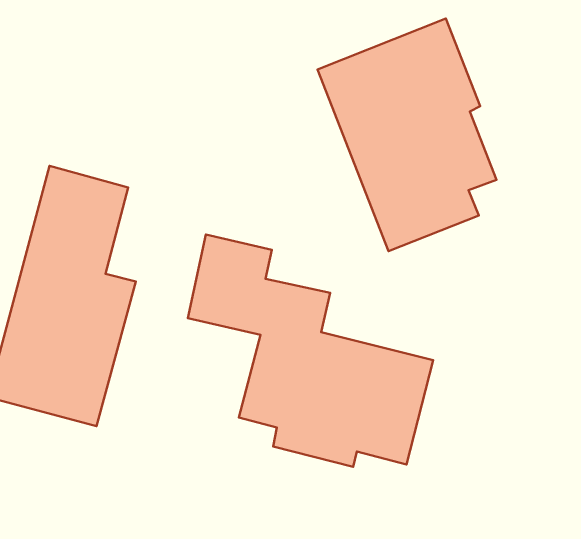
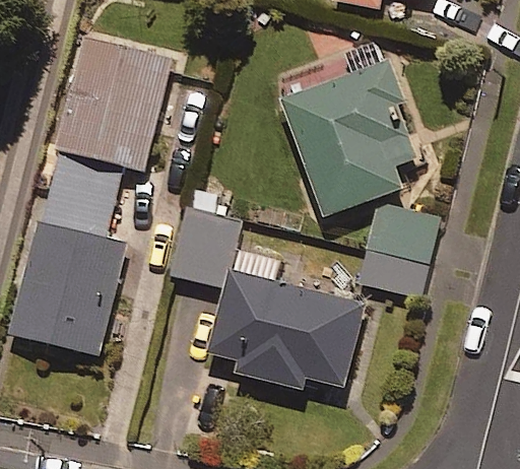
building: none -> [52,36,172,174]
building: none -> [359,202,437,295]

